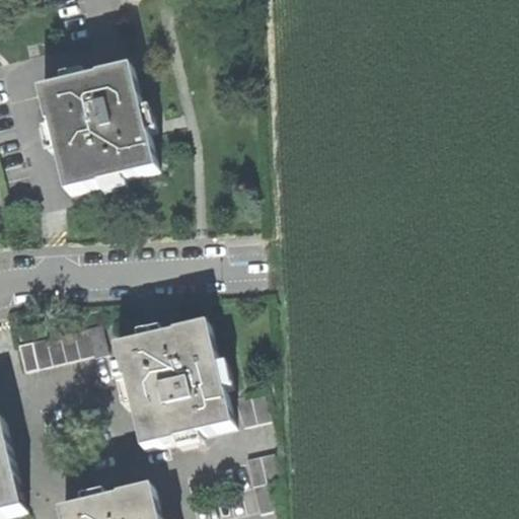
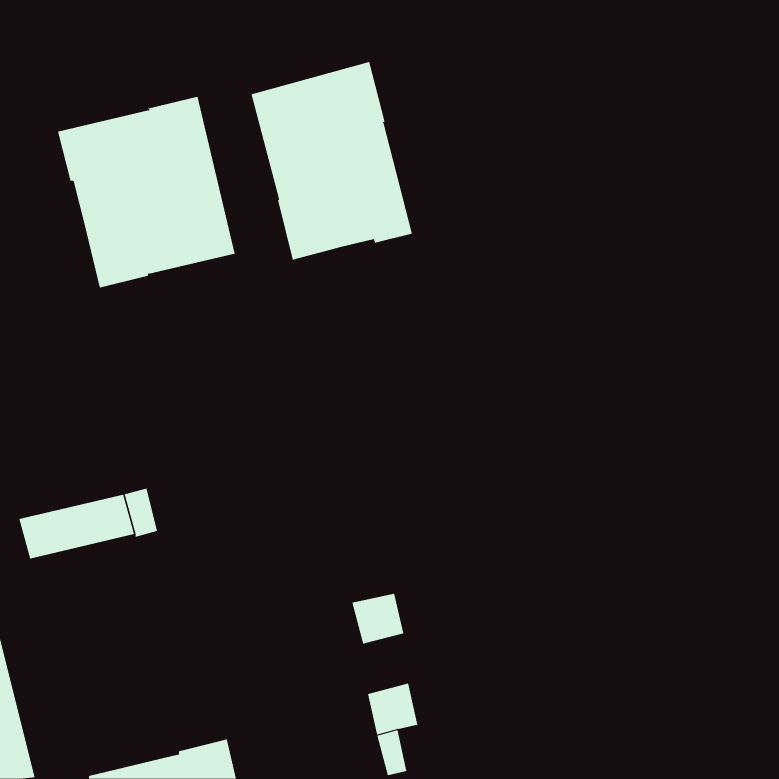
building: none -> [251,61,412,261]
building: [114,319,229,446] -> none

